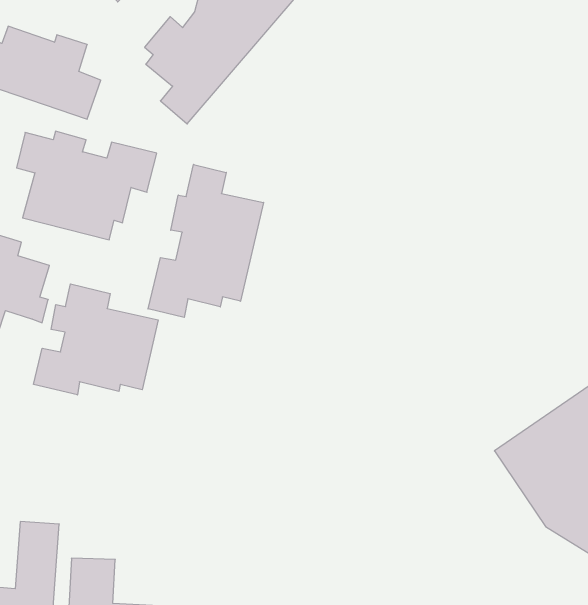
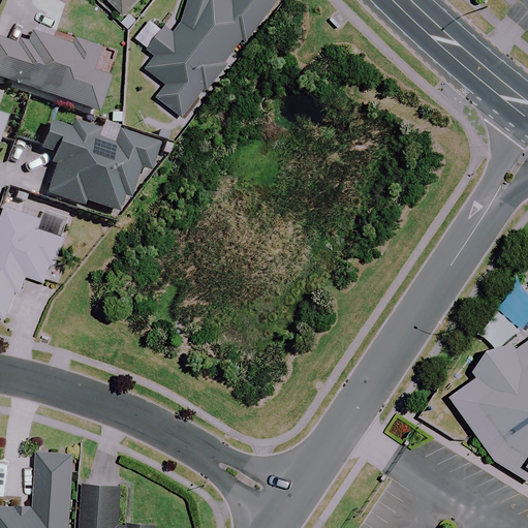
building: [148,164,264,317] -> none
building: [34,284,158,395] -> none

